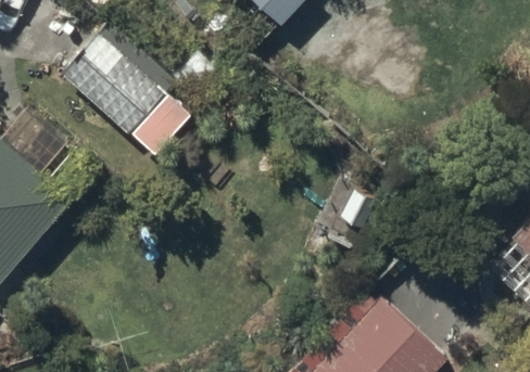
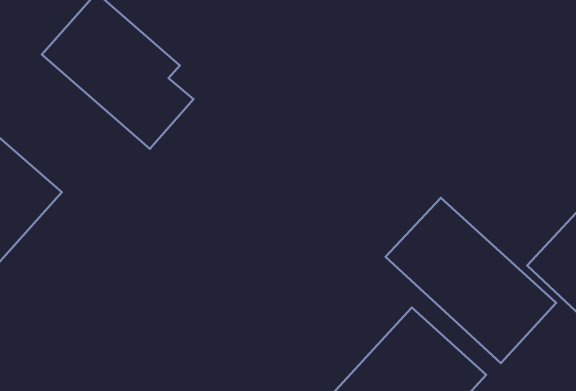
building: none -> [385,198,556,363]

